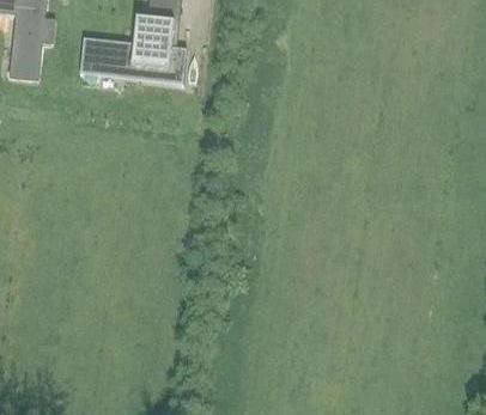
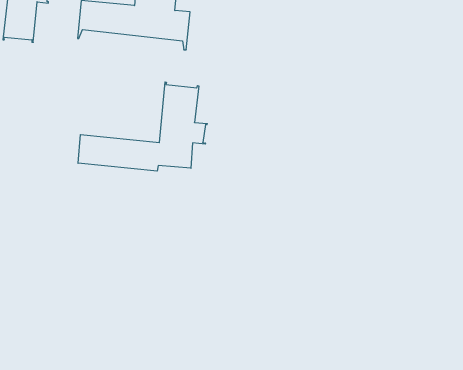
building: none -> [78,82,207,171]

